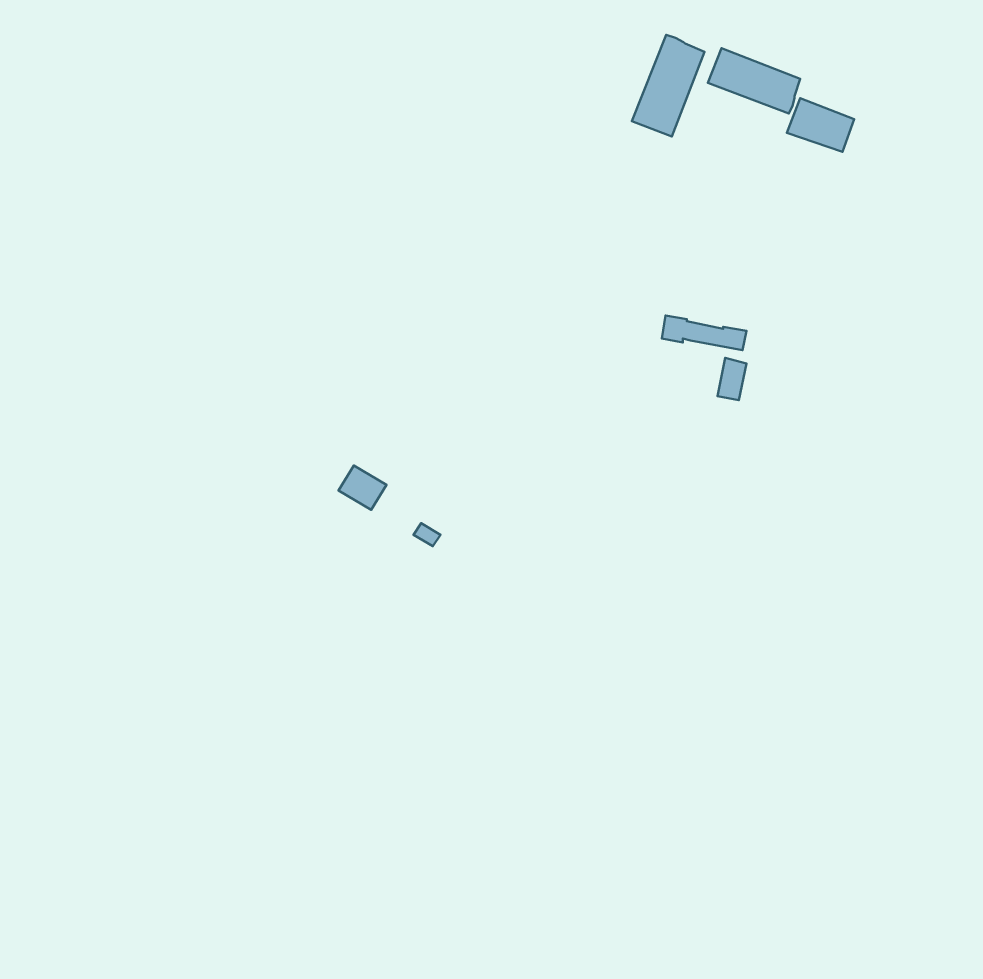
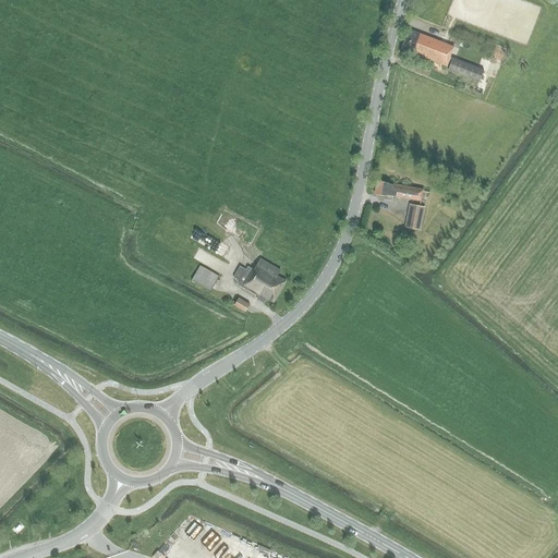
building: [632,35,704,137] -> none
building: none -> [233,257,286,301]

